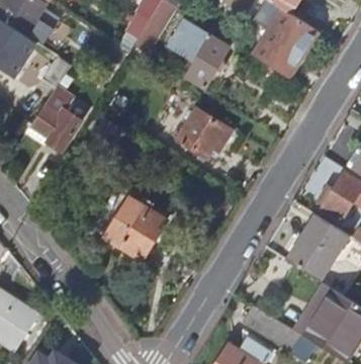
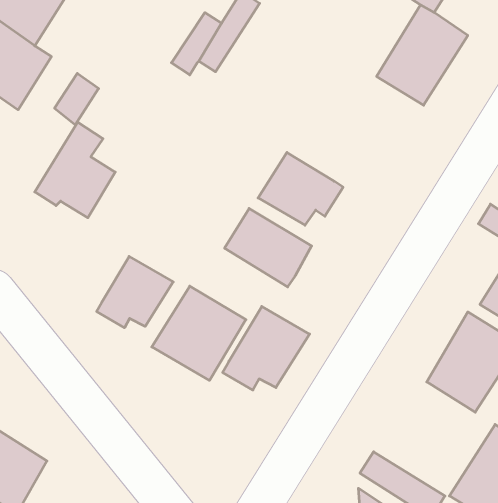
building: [170,18,234,88] -> none
building: none -> [225,208,312,287]
building: none -> [97,256,173,328]
building: none -> [223,306,310,390]

